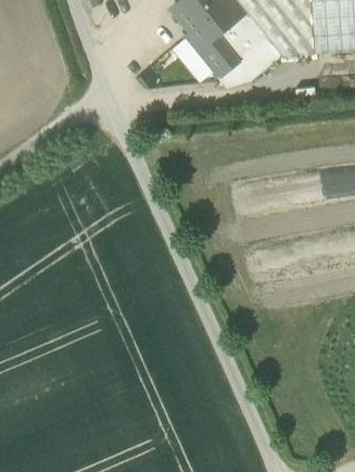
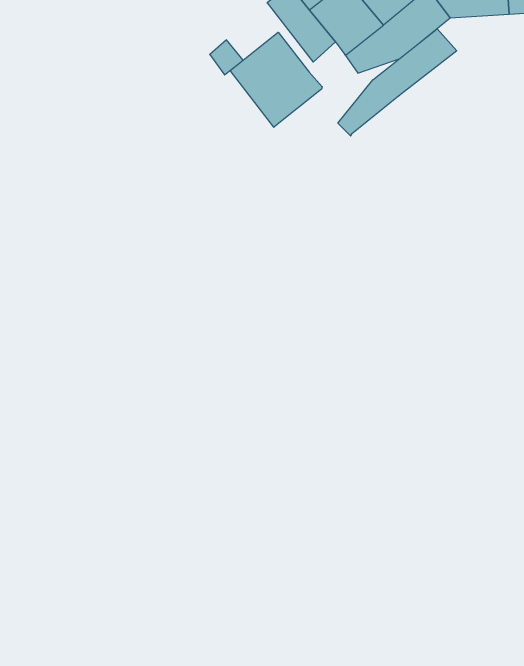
building: none -> [338,29,457,136]
building: none -> [230,32,322,127]

